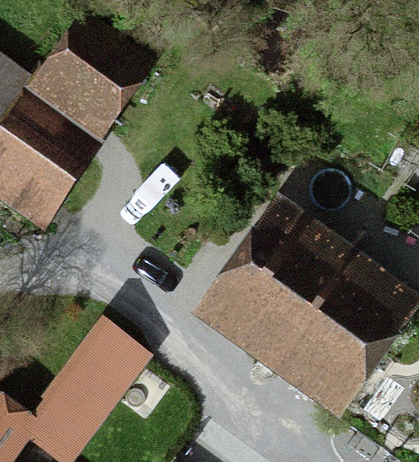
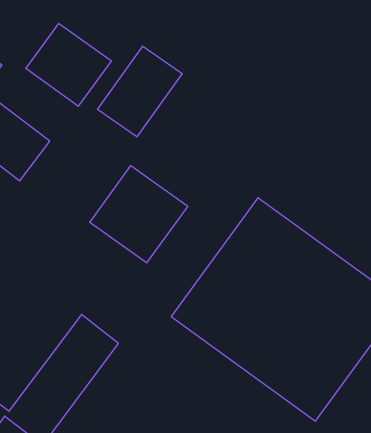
building: none -> [97,46,182,137]
building: none -> [90,166,188,263]

